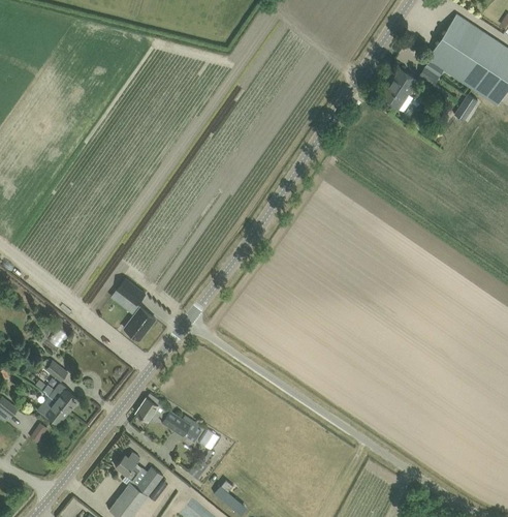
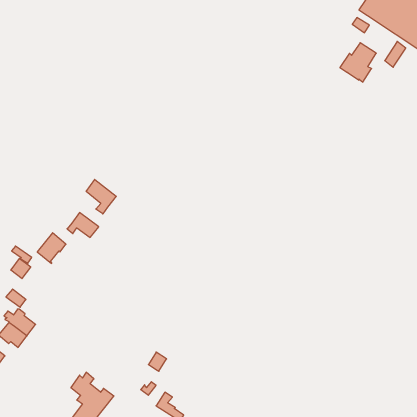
building: [379,70,418,113] -> [340,43,376,82]
building: none -> [86,179,116,214]
building: [124,308,155,341] -> [37,233,66,263]
building: [135,394,200,443] -> none

